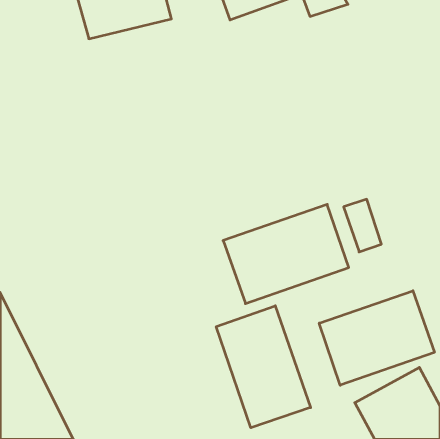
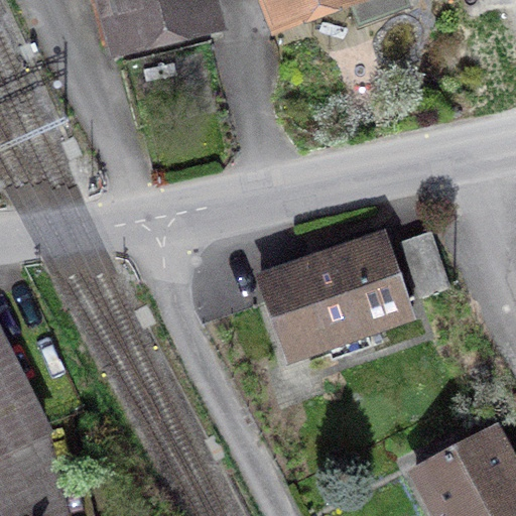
building: [319,291,434,385] -> none
building: [216,306,311,428] -> none

